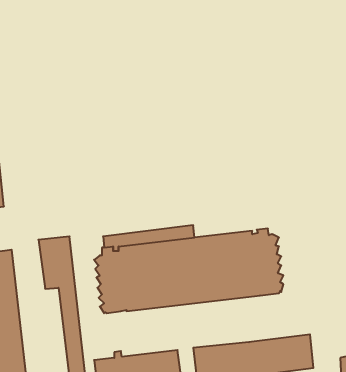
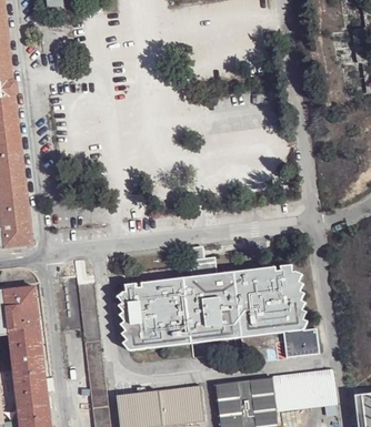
building: none -> [283,328,319,356]

